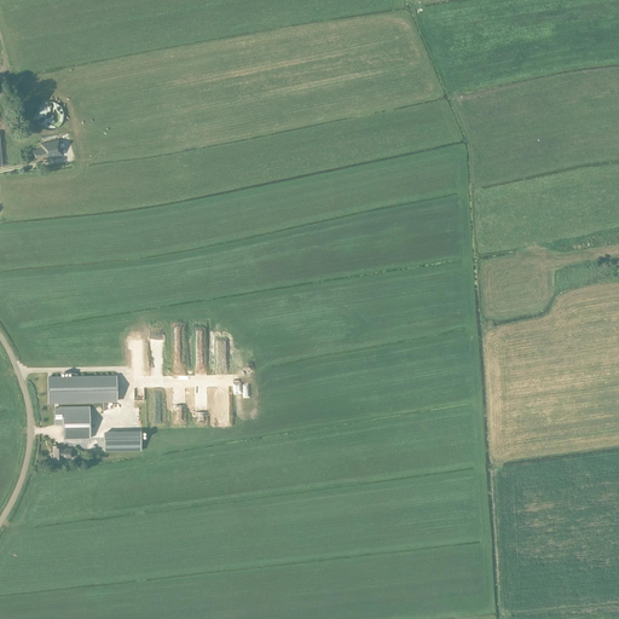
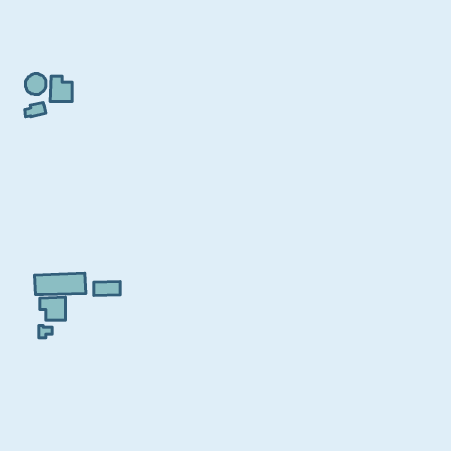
building: none -> [50,76,72,102]
building: [105,430,141,450] -> [94,281,120,296]

